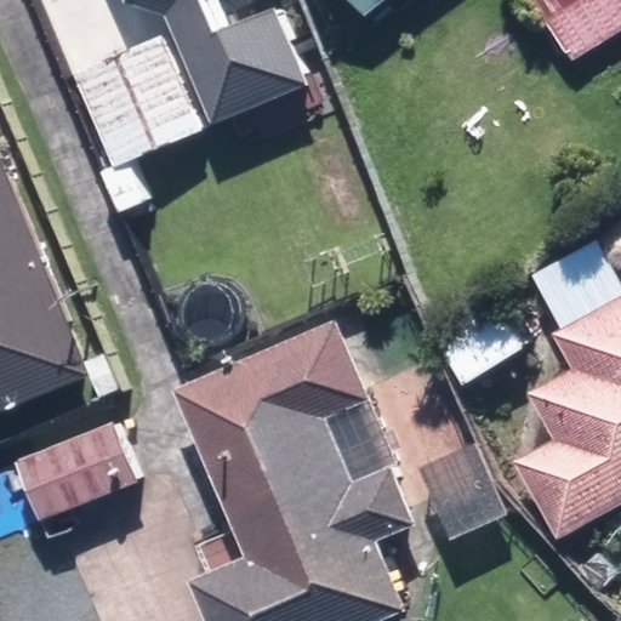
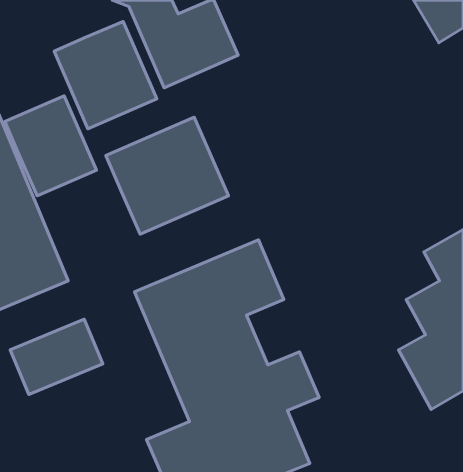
building: none -> [5,96,96,196]
building: none -> [106,117,229,234]

